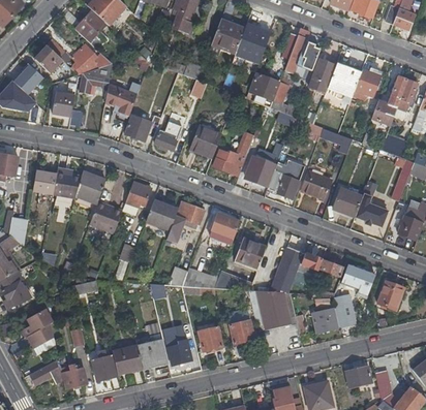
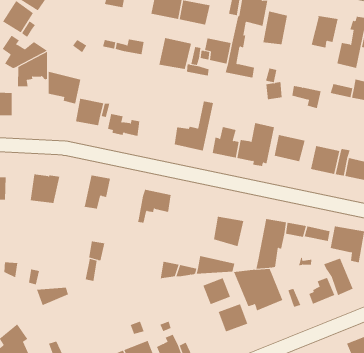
building: [328,63,363,97] -> none
building: [191,125,224,157] -> [159,38,192,70]
building: [54,166,83,196] -> none
building: [90,199,124,231] -> none
building: [147,200,178,229] -> none
building: [210,214,240,243] -> none
building: [199,327,222,350] -> [203,278,231,305]

